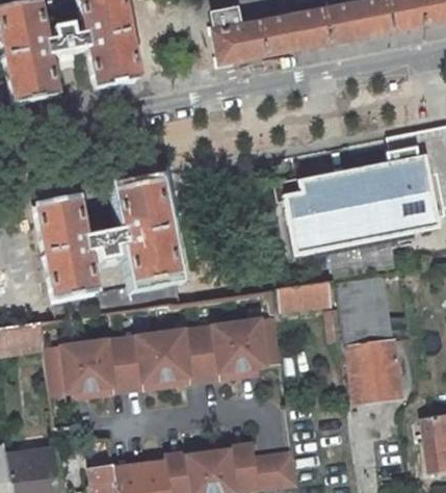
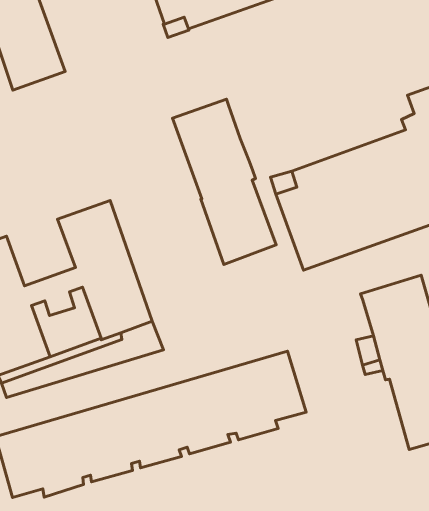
building: none -> [172,99,276,265]
building: [279,280,332,309] -> none

